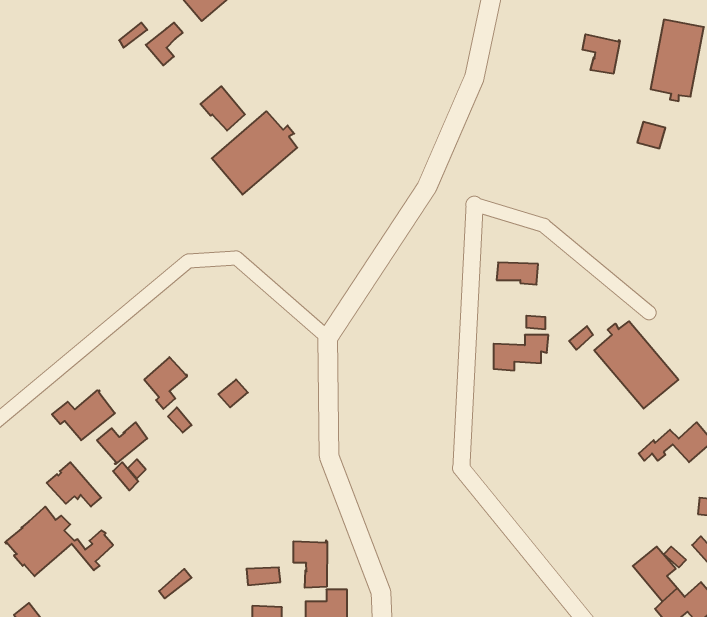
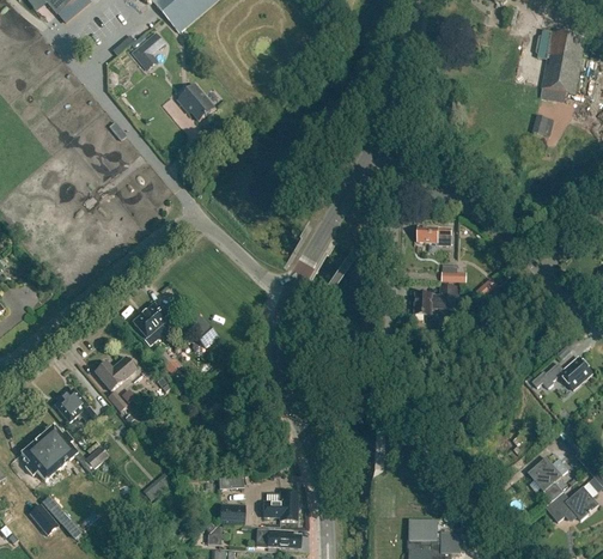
building: [582,34,620,74] -> none
building: [212,111,297,195] -> none
building: [594,321,678,409] -> none
building: [52,390,115,440] -> none
building: [294,540,327,588] -> none

